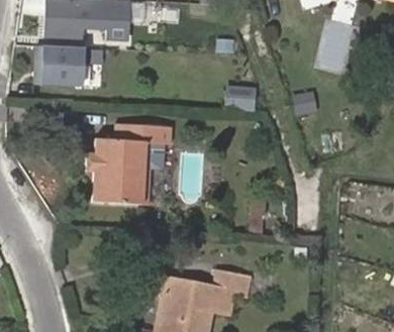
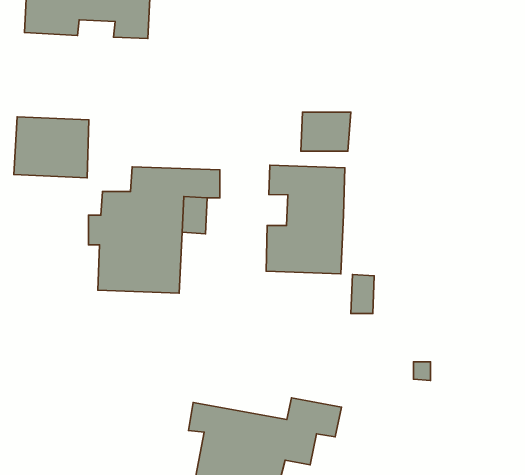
building: [34,45,83,85] -> [14,117,89,178]
building: none -> [266,165,345,274]

